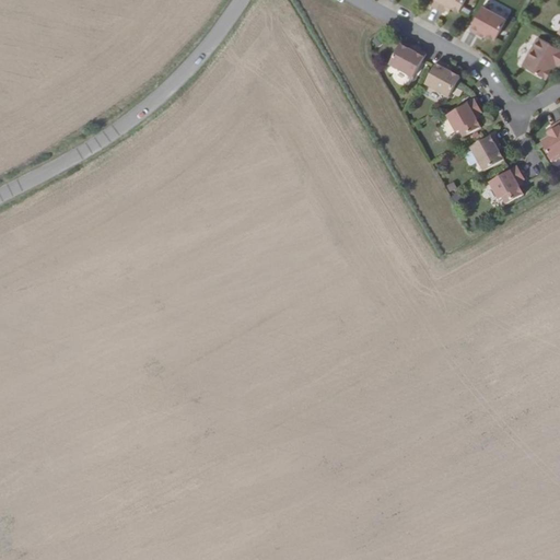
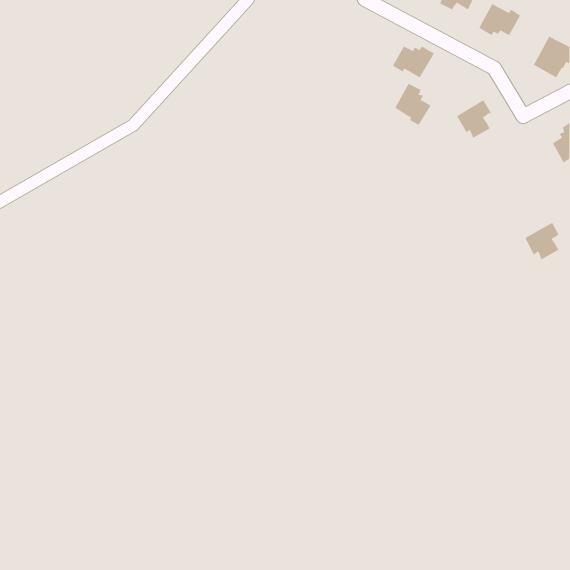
building: [424,59,460,101] -> [395,83,432,126]
building: [468,132,501,174] -> none
building: [489,165,523,202] -> [525,222,559,260]

